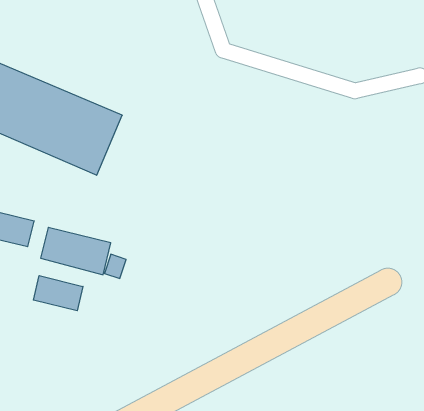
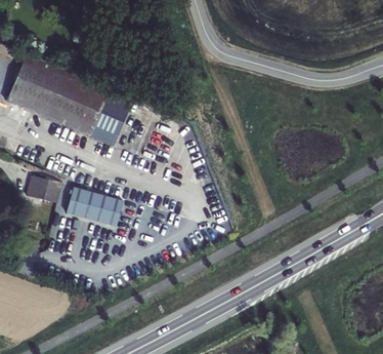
building: [33,276,83,311] -> none

